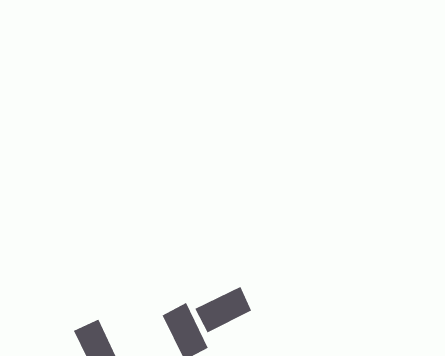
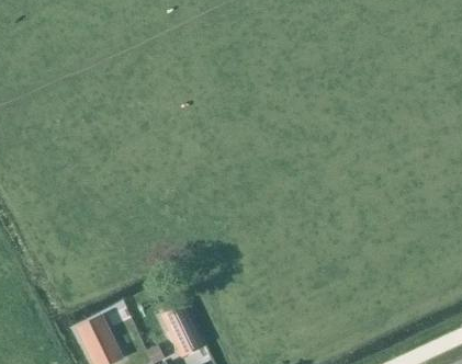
building: [194,286,252,334] -> none

